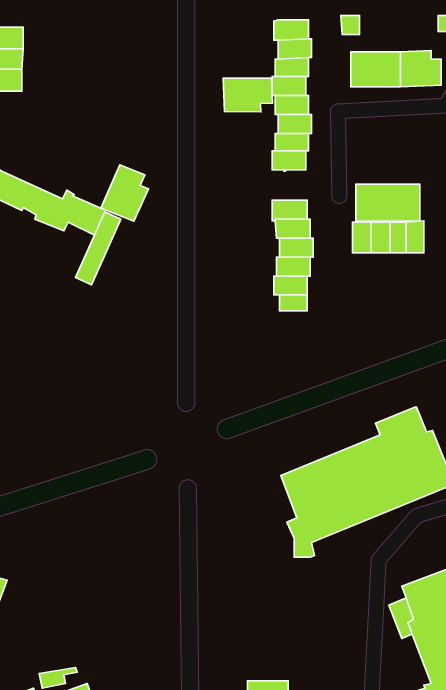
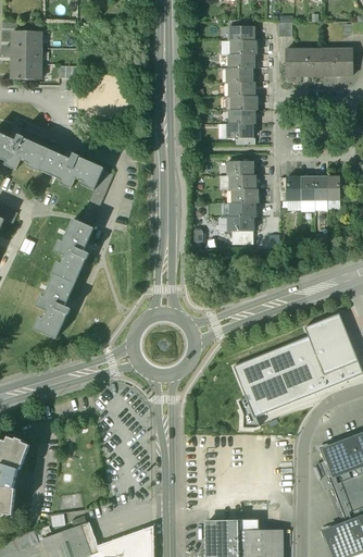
building: [223,78,273,112] -> none
building: [101,165,149,221] -> none
building: [356,184,420,221] -> none
building: none -> [37,220,93,337]

